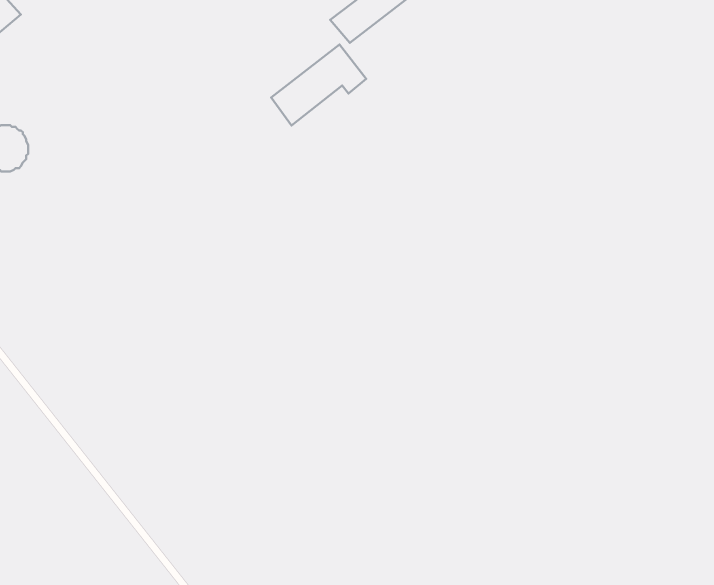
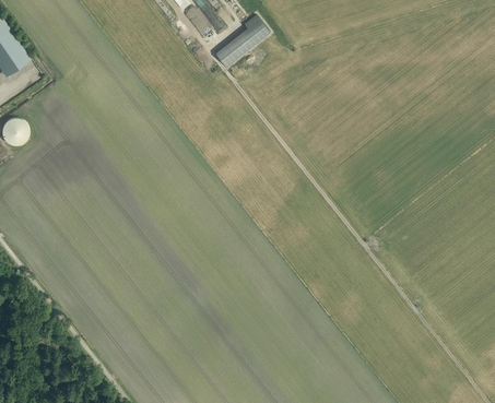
building: [271,45,366,125] -> none

